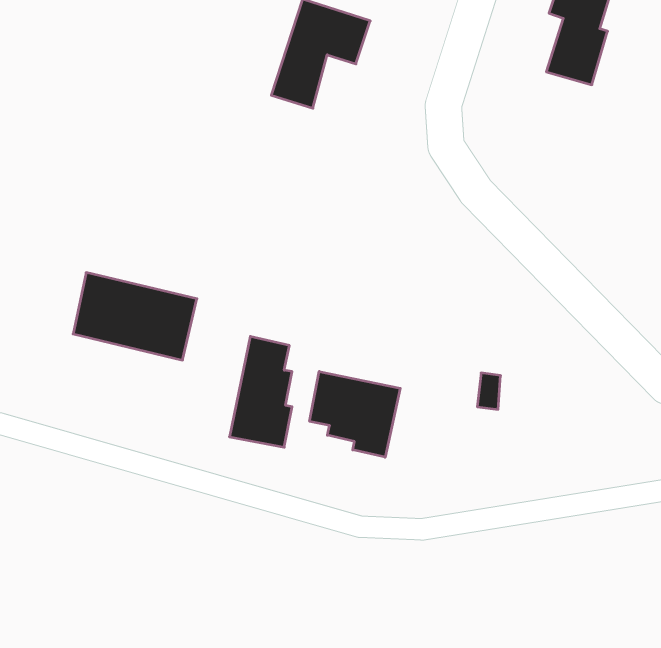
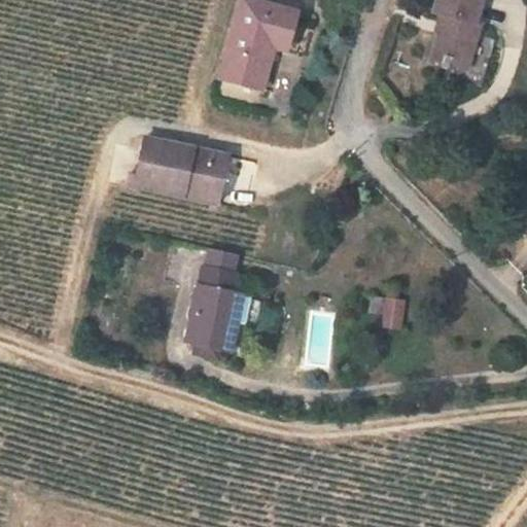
building: [73,273,197,360] -> [121,135,219,204]
building: [310,371,400,457] -> none

